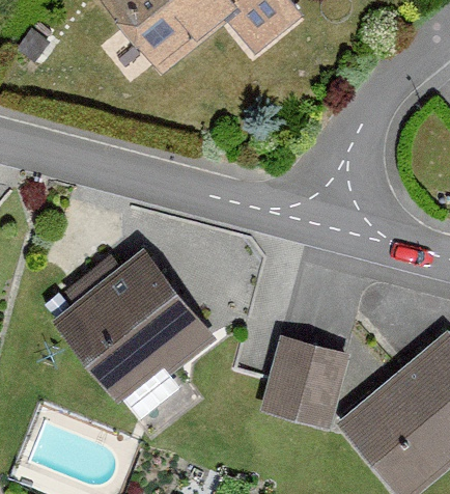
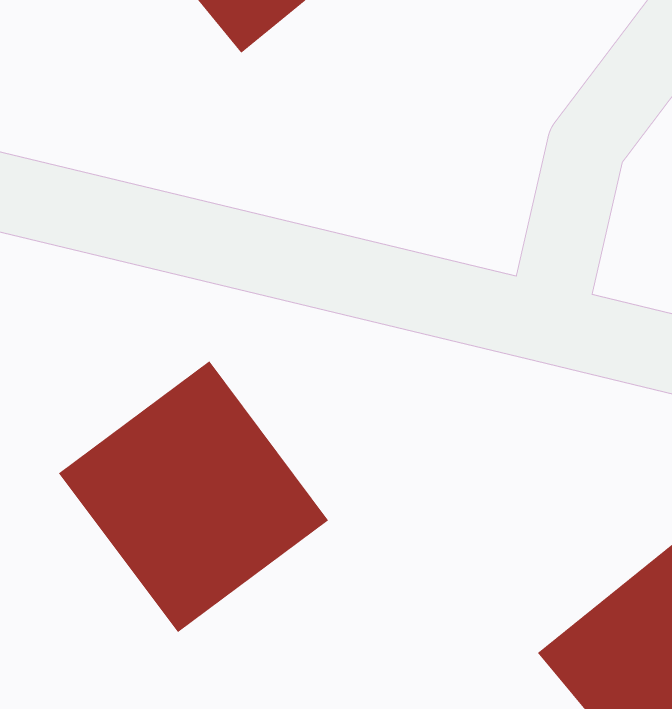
building: [259,337,346,429] -> none

